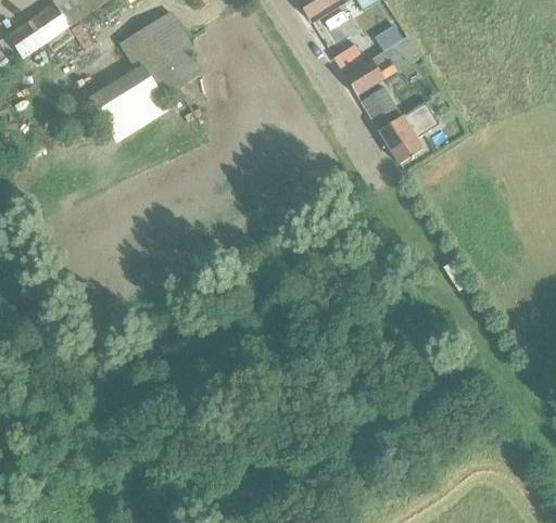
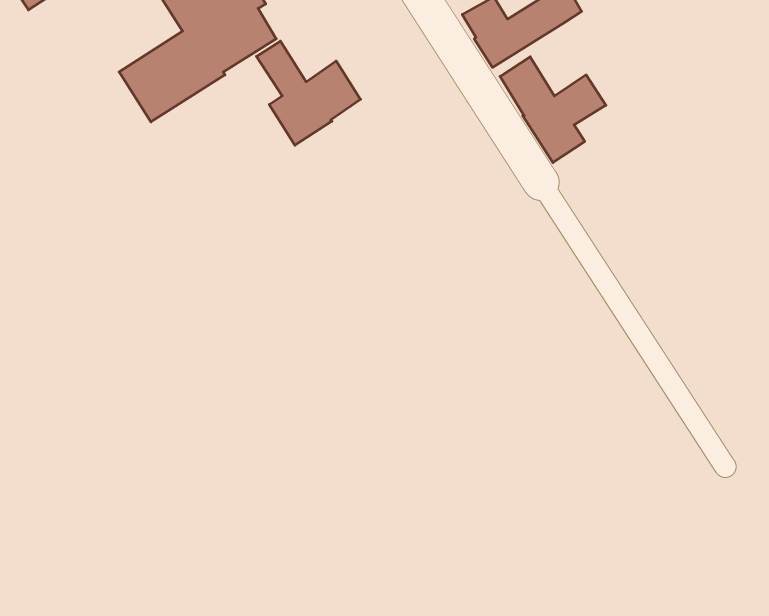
building: none -> [256,41,361,145]

